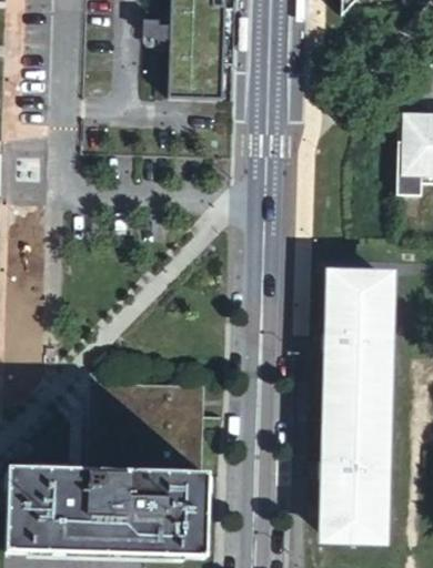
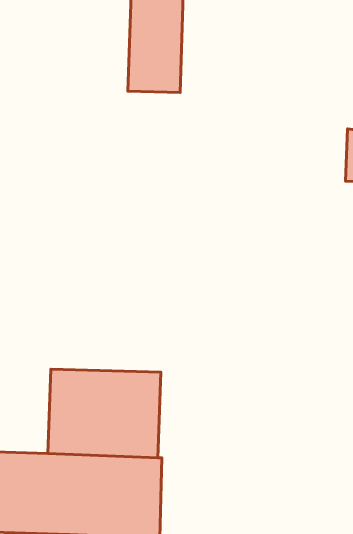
building: [323,283,383,544] -> none

